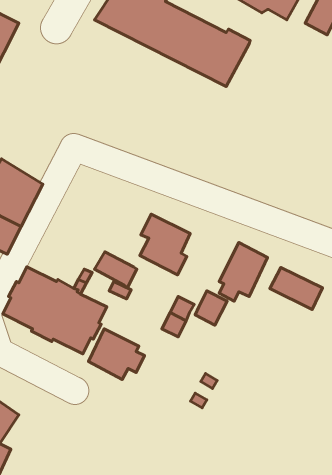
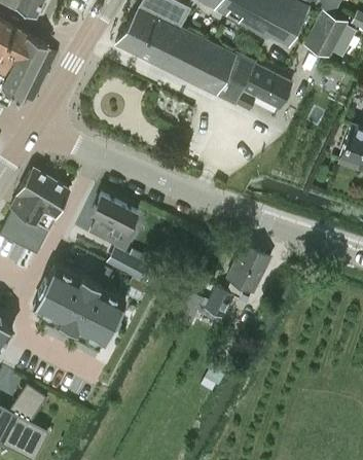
building: none -> [233,66,292,111]
building: [140,214,190,275] -> [90,194,136,249]
building: [270,267,322,310] -> none
building: [88,329,144,380] -> none

